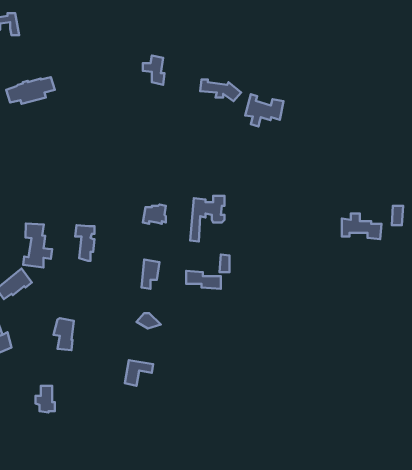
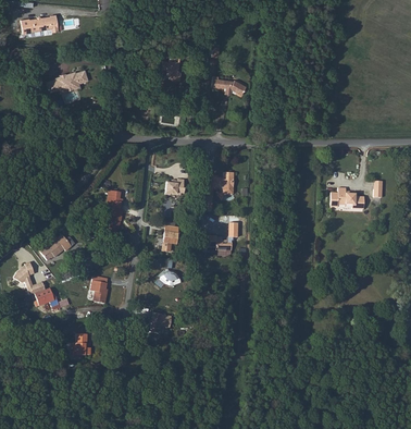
building: [245,94,284,127] -> none
building: [23,224,52,268] -> none

